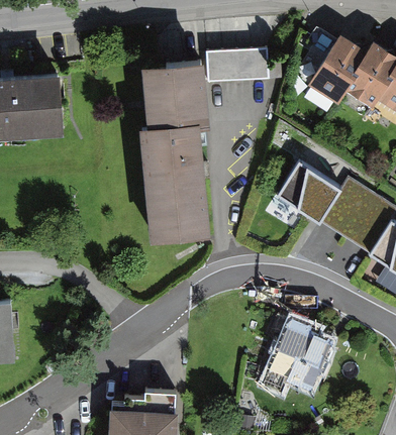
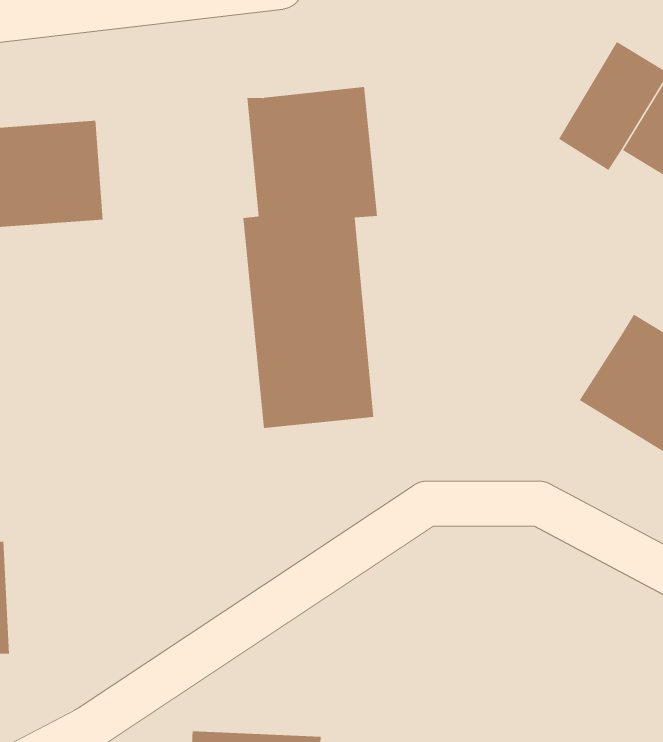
building: [212,49,282,86] -> none
building: [276,162,341,225] -> none
building: [262,316,333,391] -> none

